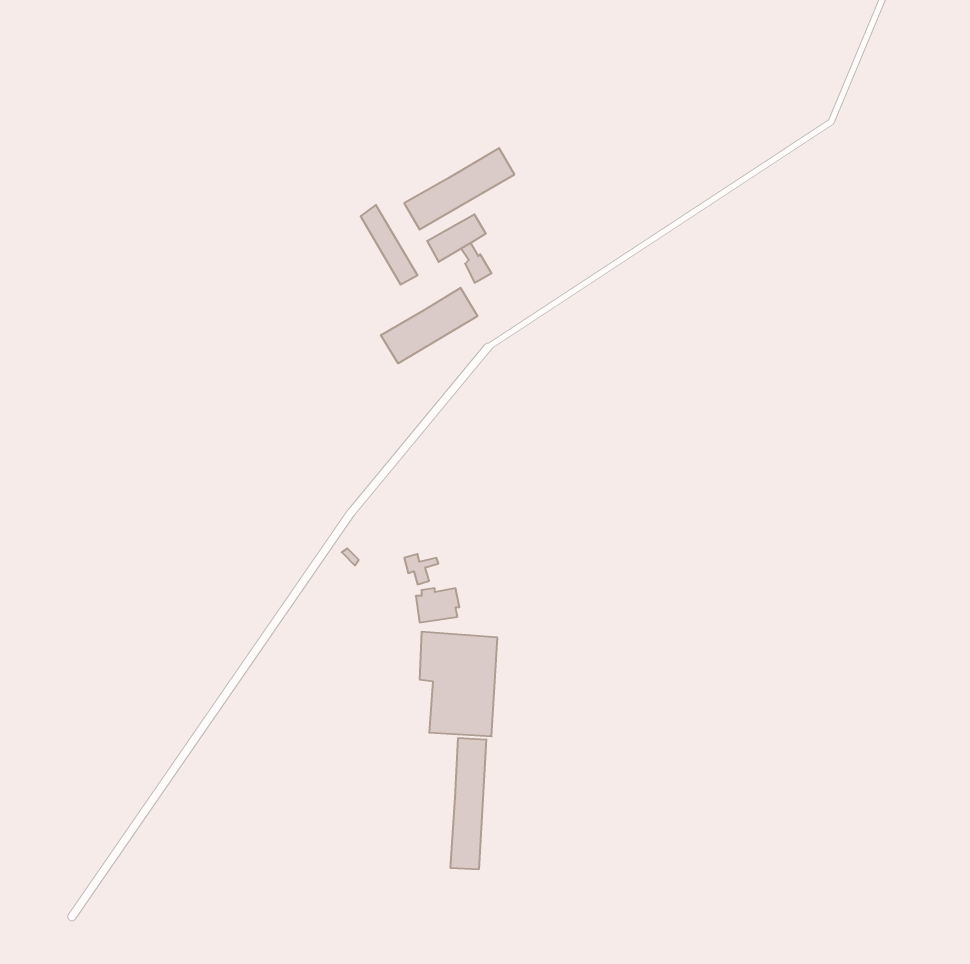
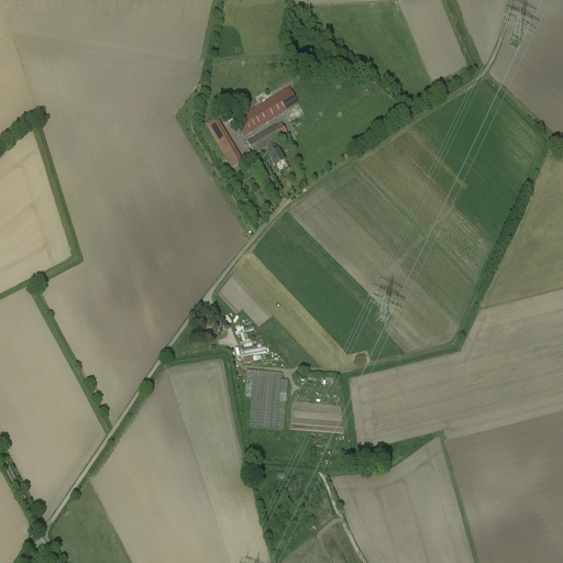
building: [381,288,477,363] -> none
building: [451,738,486,869] -> none

